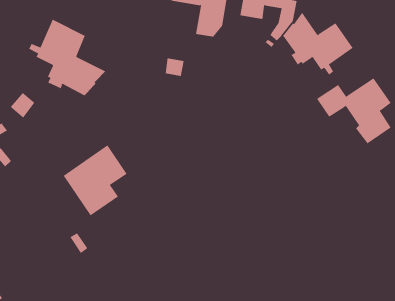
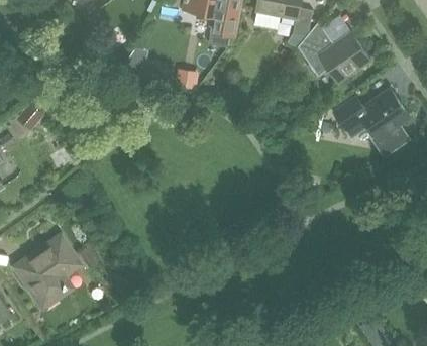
building: [28,19,106,97] -> none
building: [63,144,128,216] -> [13,234,80,308]

